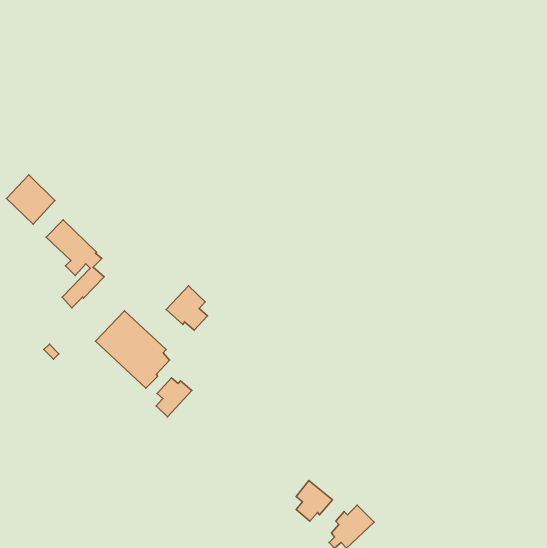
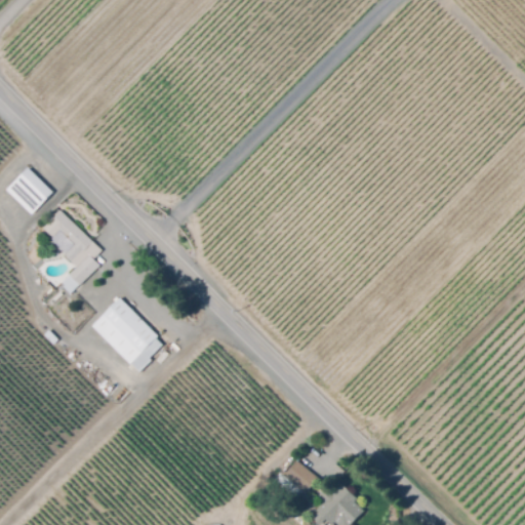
building: [166,286,207,330] -> none
building: [156,378,192,417] -> none

